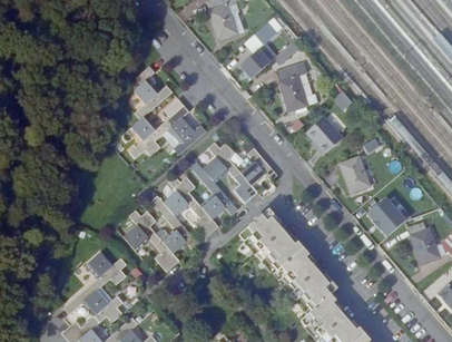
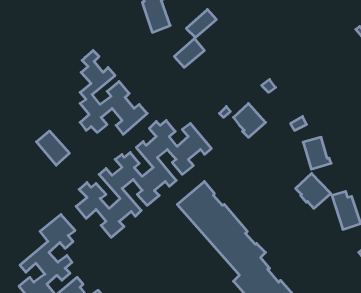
building: [271,60,316,115] -> none
building: none -> [36,131,69,165]
building: [340,162,371,197] -> [303,137,331,169]

